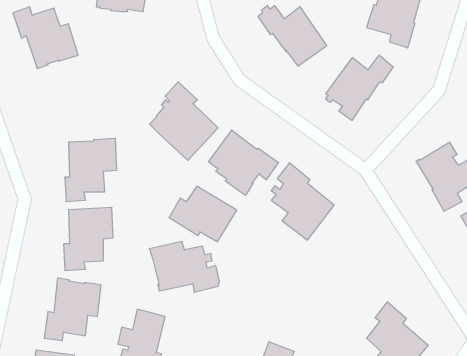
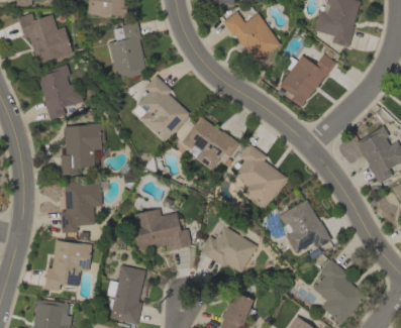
building: none -> [109,22,146,81]
building: none -> [37,65,84,120]
building: [169,186,237,242] -> [201,226,258,272]
building: none -> [279,200,331,253]

